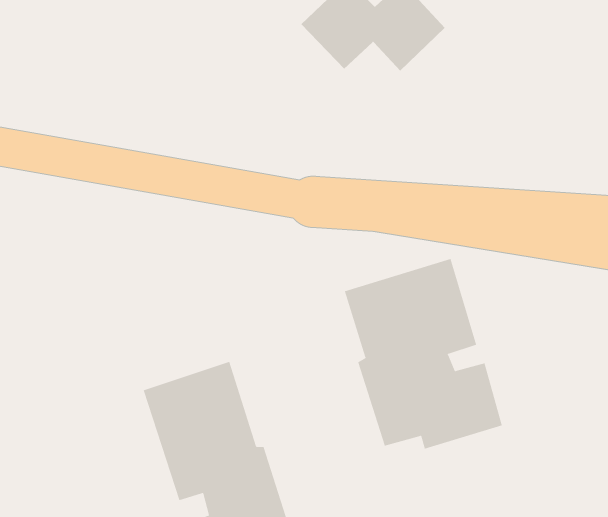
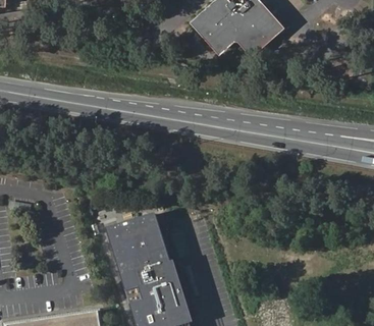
building: [344,258,503,449] -> none

